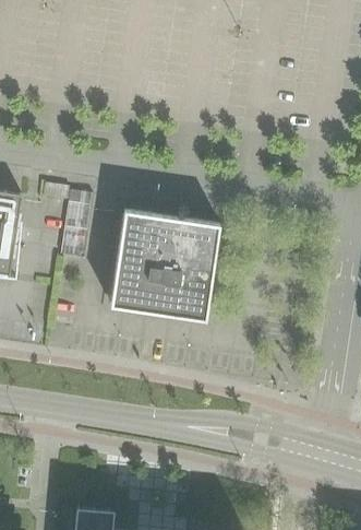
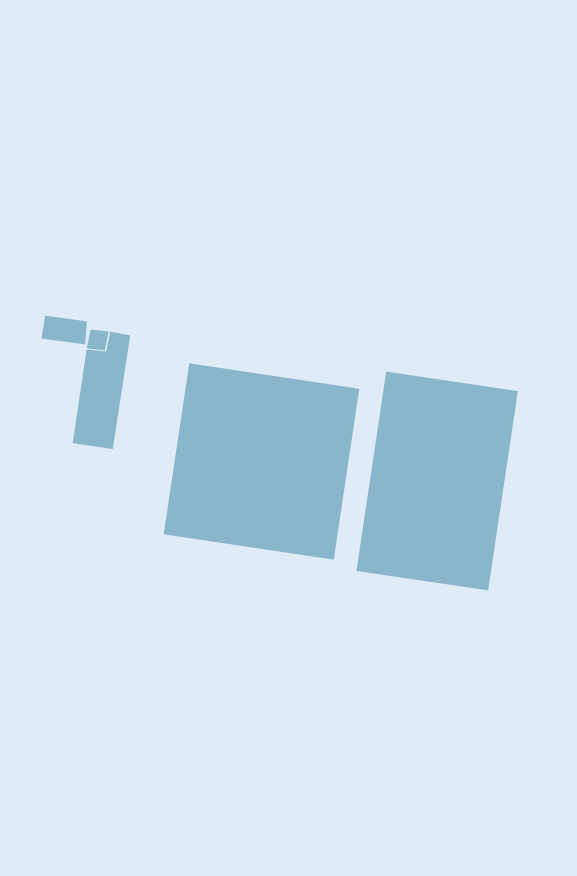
building: none -> [356,371,519,591]

